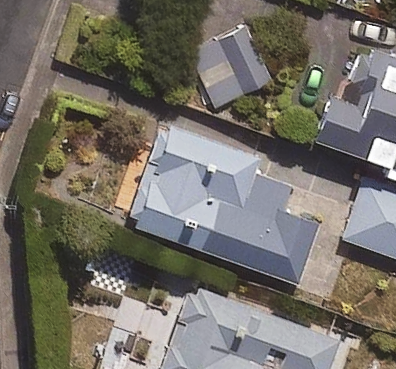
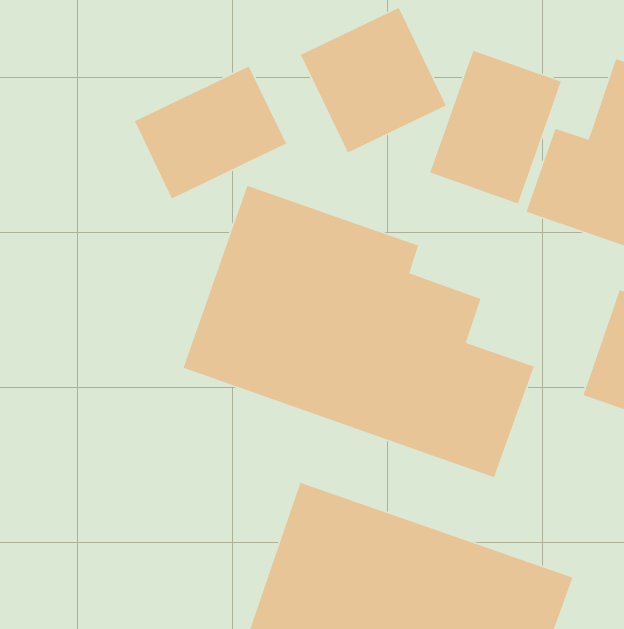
building: none -> [429,50,562,204]
building: none -> [134,65,287,199]

